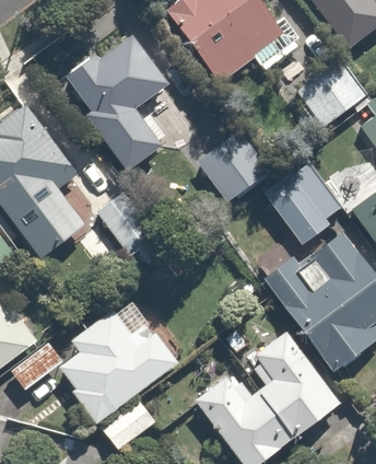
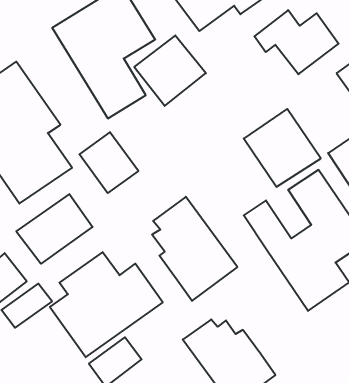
building: [195,131,269,205] -> [134,35,206,106]
building: none -> [16,194,93,264]
building: [255,329,343,438] -> [152,197,237,301]

